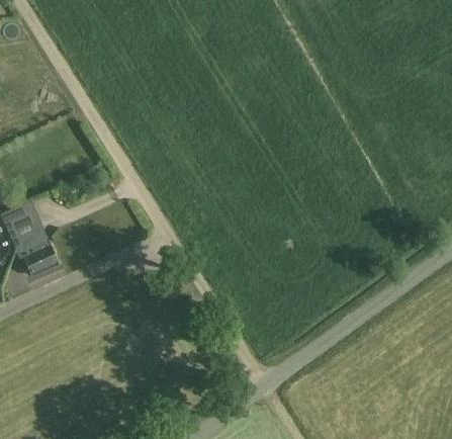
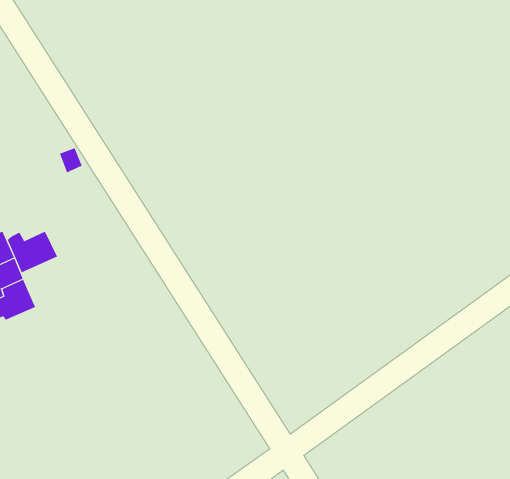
building: none -> [7,231,58,273]

